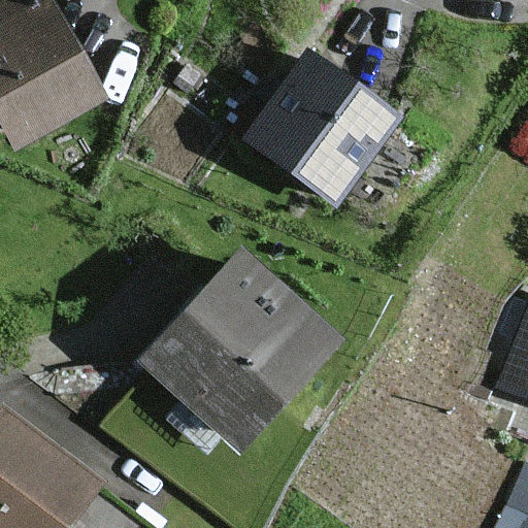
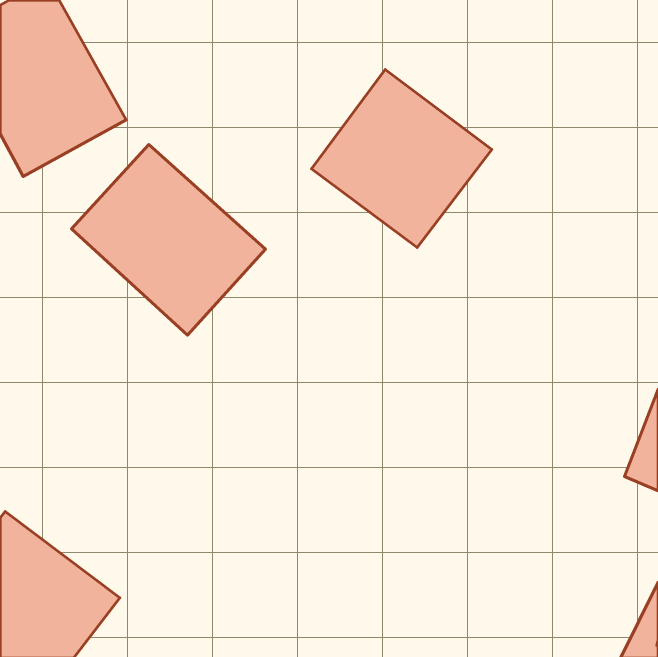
building: none -> [72,144,266,335]
building: [147,253,333,438] -> none

